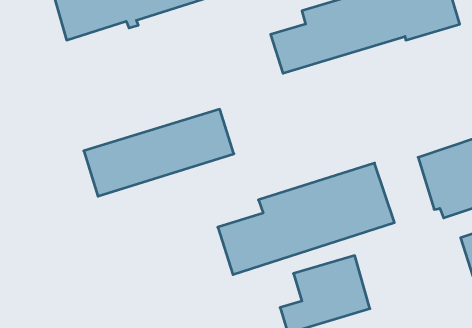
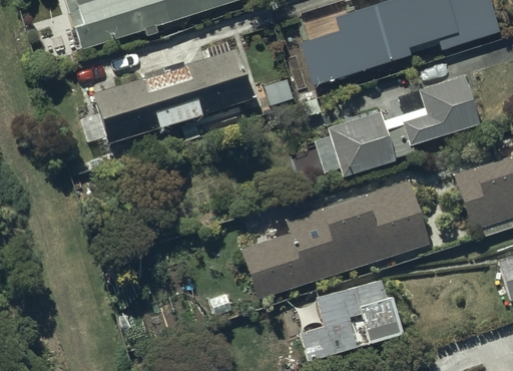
building: none -> [400,74,480,142]
building: none -> [314,111,393,175]
building: [84,109,234,196] -> [96,51,255,143]

